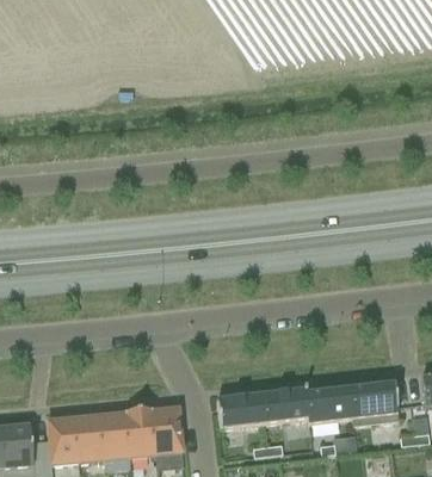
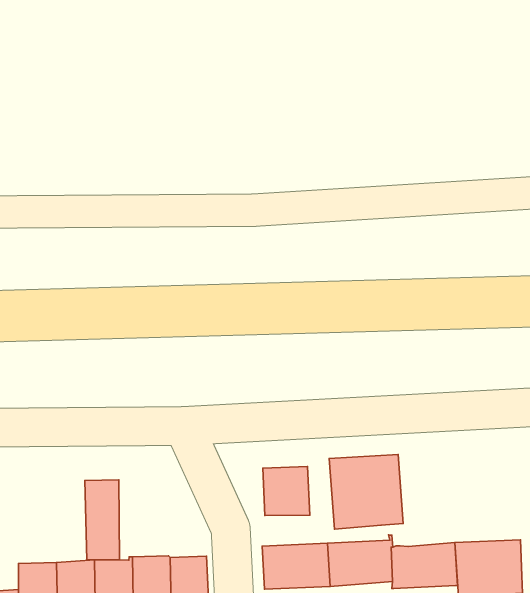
building: none -> [329,455,403,529]
building: none -> [263,467,310,515]
building: none -> [85,480,119,560]

